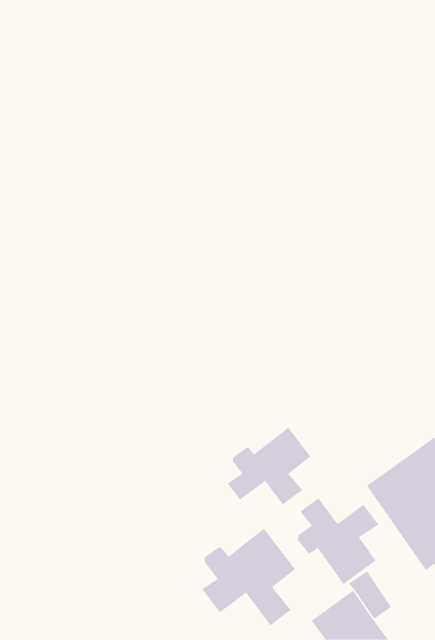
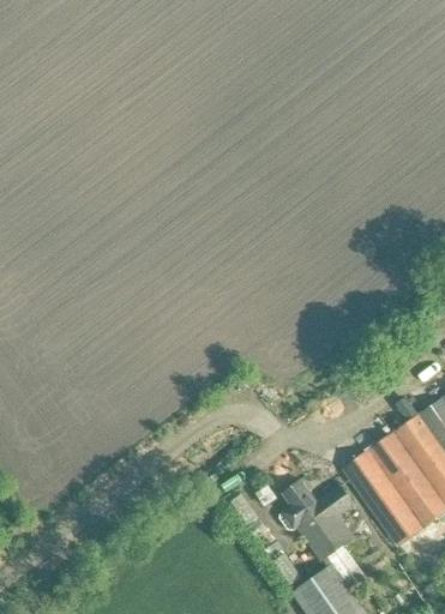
building: [227,427,311,505] -> none
building: [201,528,296,626] -> none

